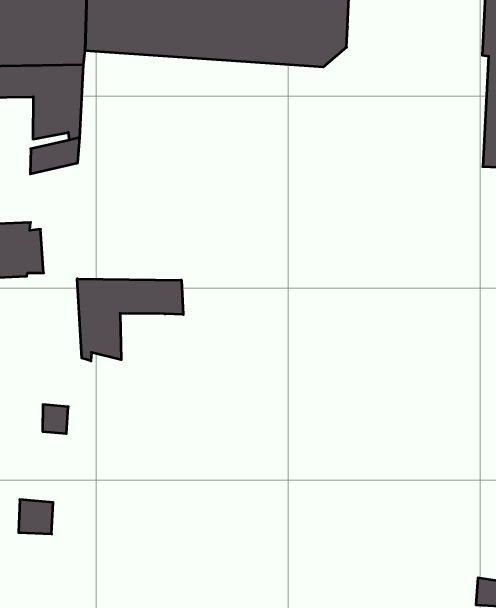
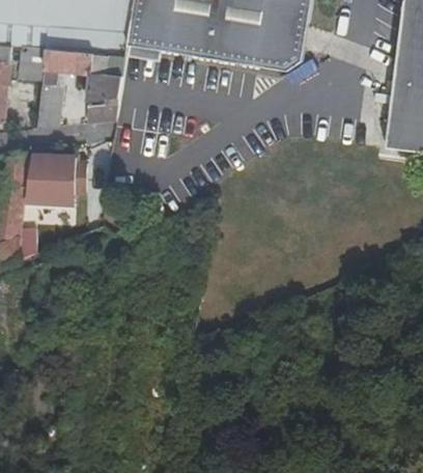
building: [77,279,183,361] -> none

